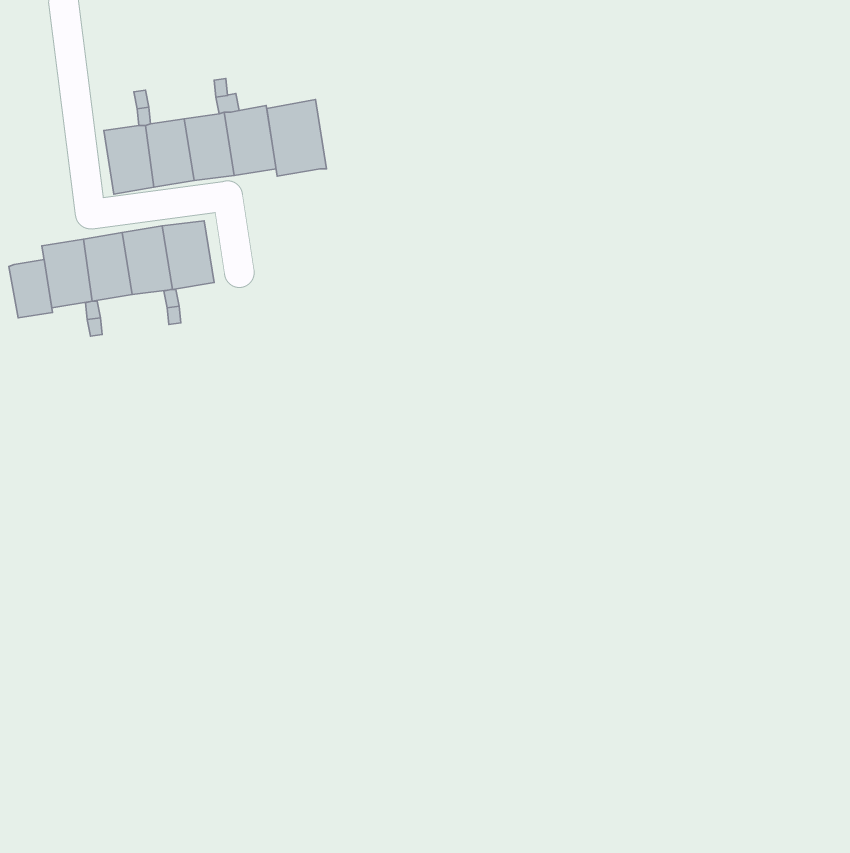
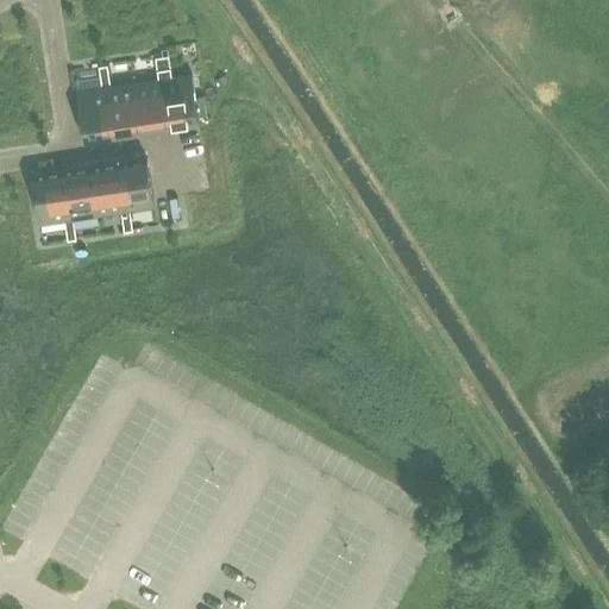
building: [267,99,326,176] -> none
building: [9,259,53,318] -> none

